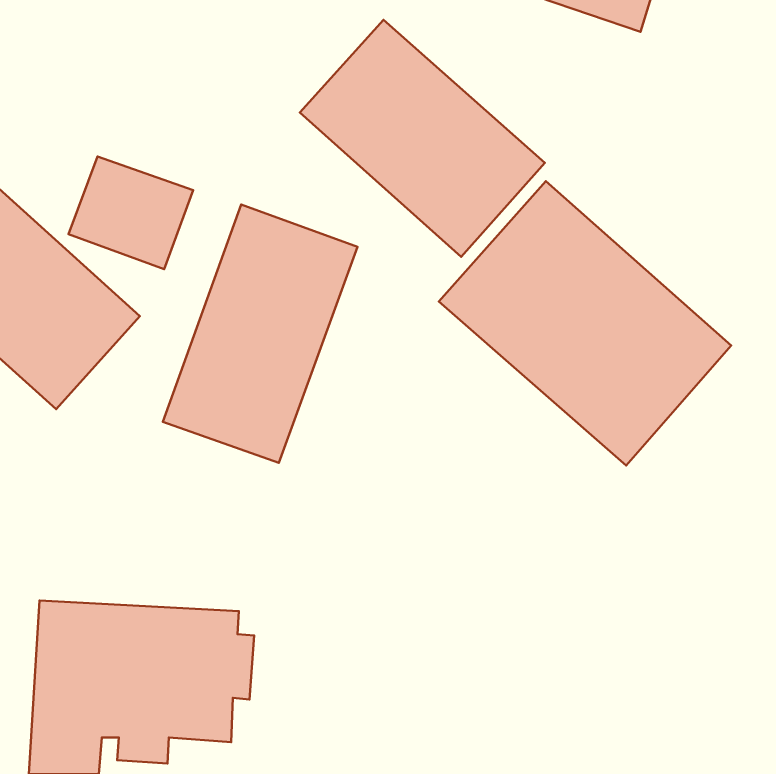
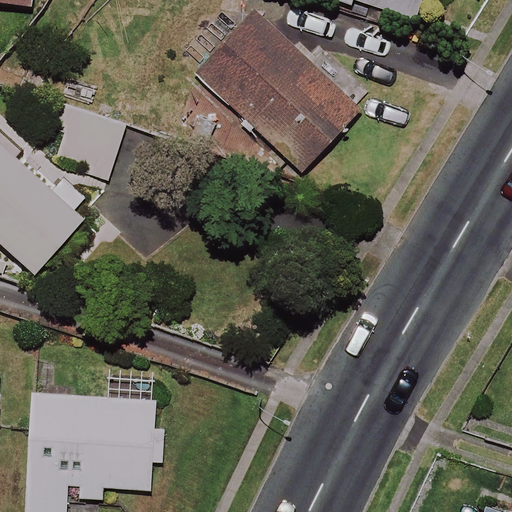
building: [439,181,731,466] -> none
building: [163,205,358,463] -> none

